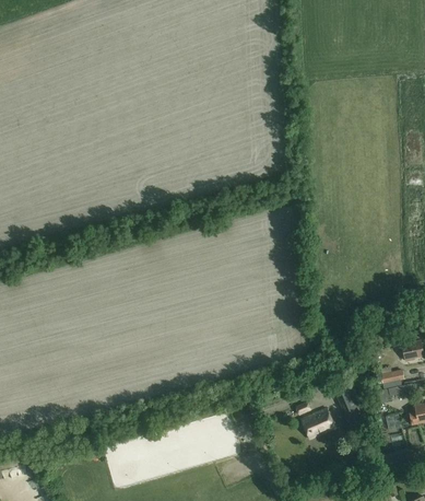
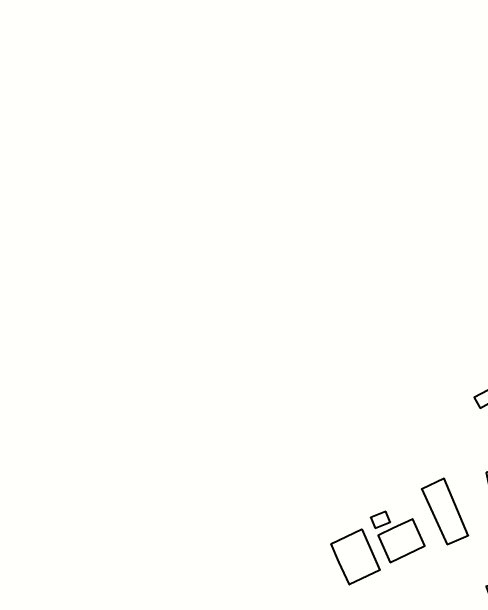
building: none -> [331,529,380,585]

